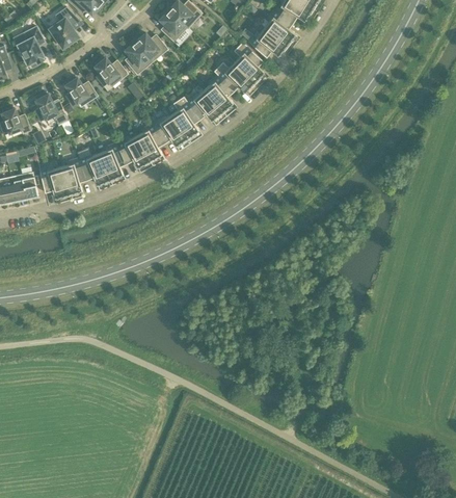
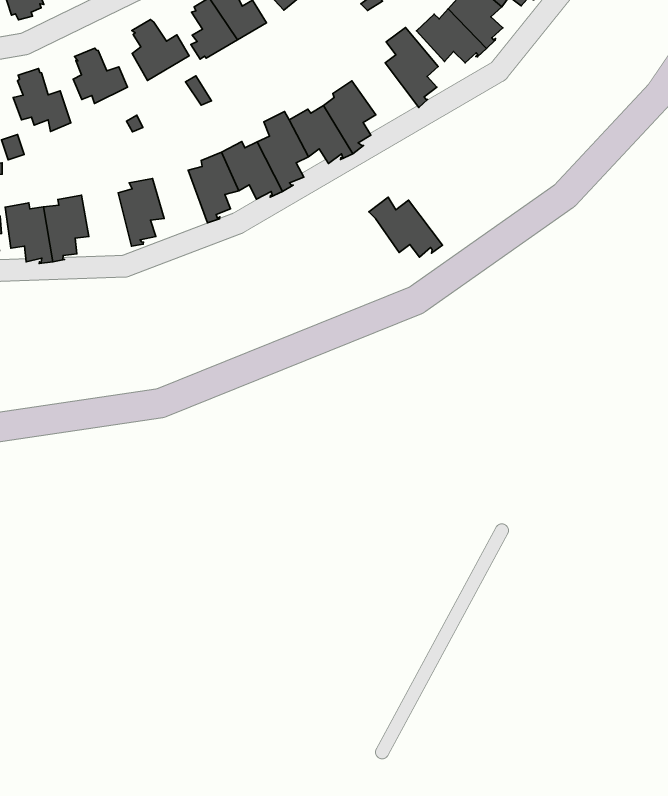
building: [213,62,256,93] -> [369,197,442,257]
building: [116,136,150,167] -> none
building: [76,148,110,185] -> none

